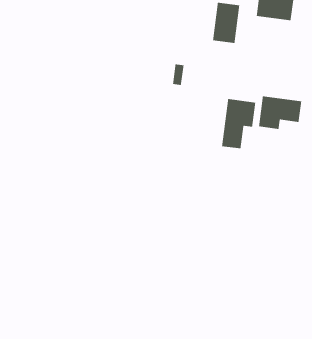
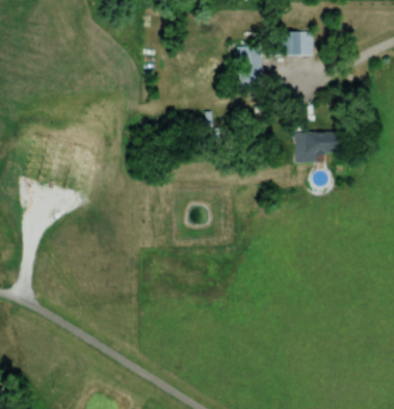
building: [221,98,256,149] -> none

